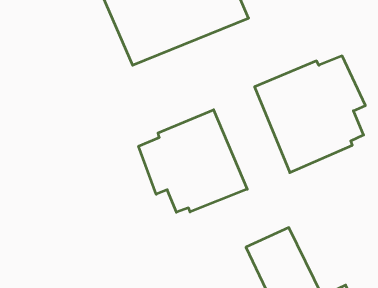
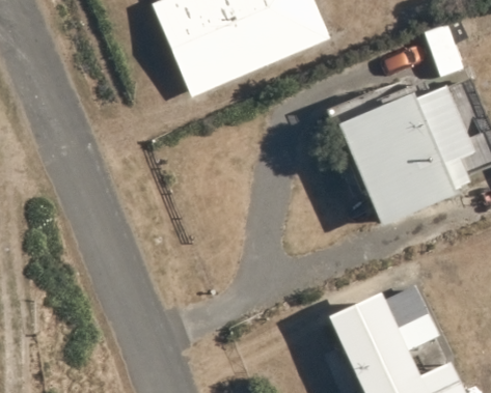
building: [139,110,247,212] -> none

